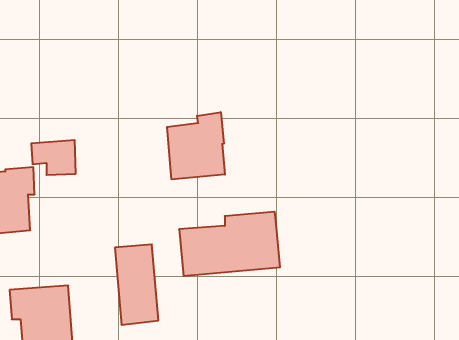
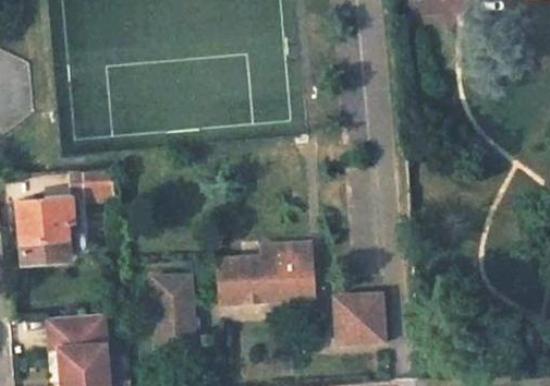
building: [167,112,225,179] -> none
building: none -> [334,294,386,343]

